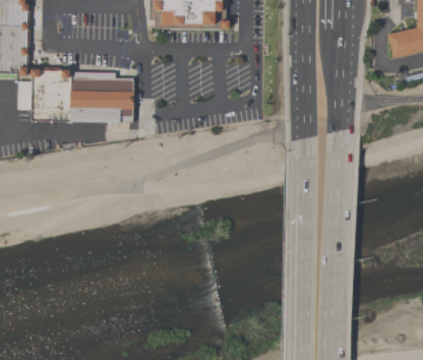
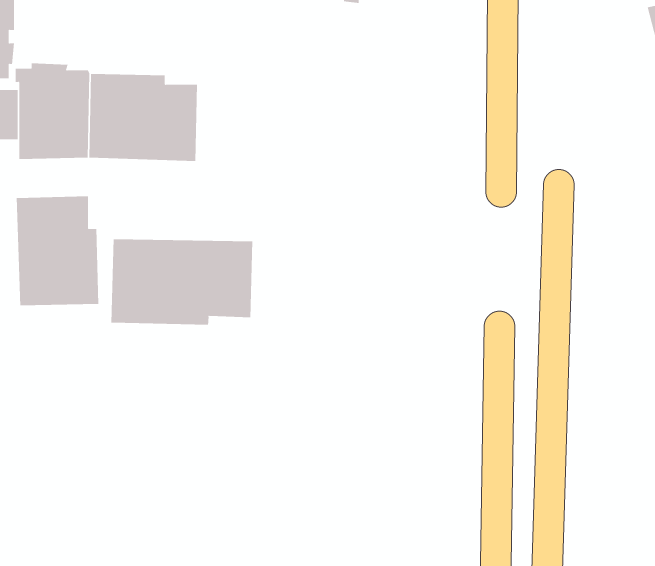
building: none -> [16,196,99,306]
building: none -> [111,238,253,325]

